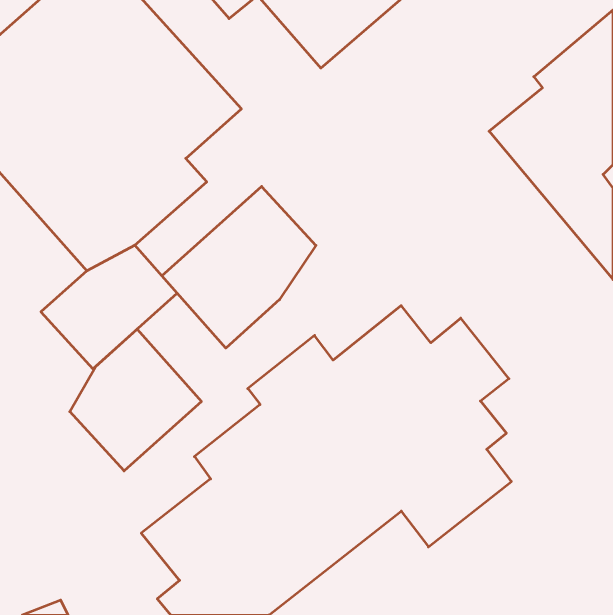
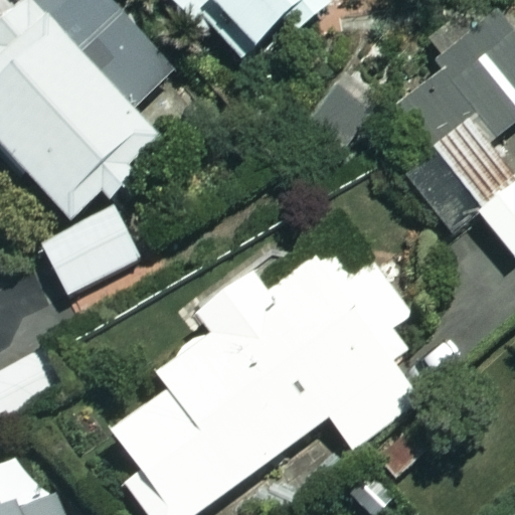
building: [162,186,316,348] -> none
building: [70,329,201,471] -> none

